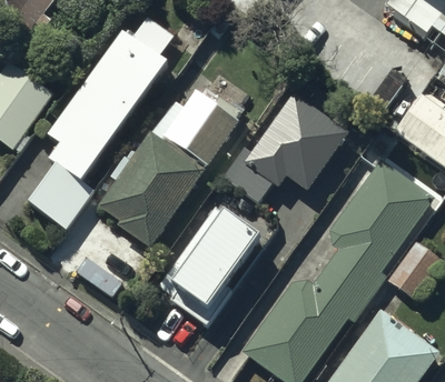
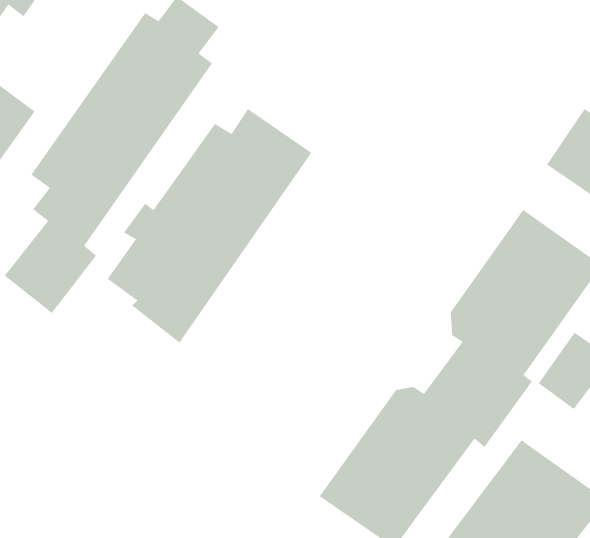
building: [224,96,348,202] -> none
building: [159,208,261,320] -> none

